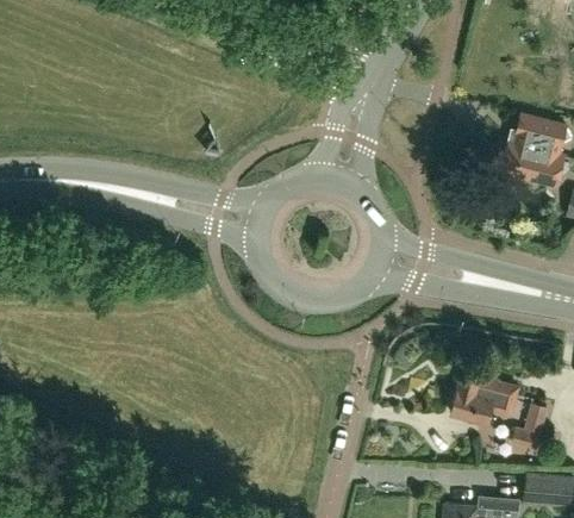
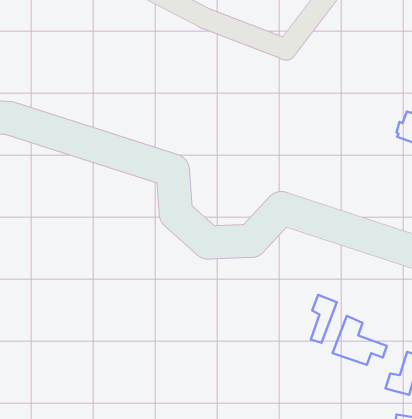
building: none -> [311,295,337,343]

